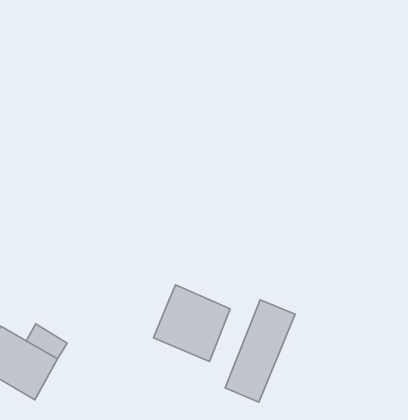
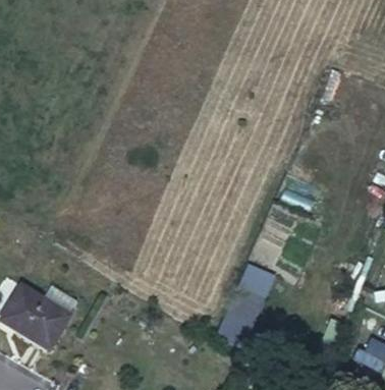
building: [153,285,230,361] -> none

